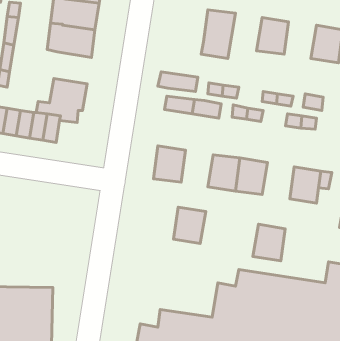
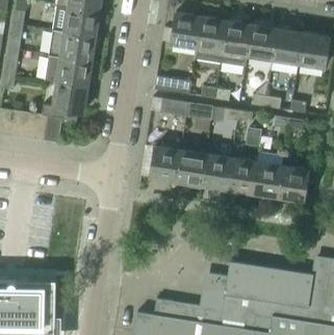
building: none -> [162,14,201,48]
building: none -> [220,21,252,68]
building: none -> [273,29,303,63]
building: none -> [46,55,92,87]
building: [174,207,206,244] -> [176,150,206,184]
building: [253,224,285,261] -> [252,161,282,196]

